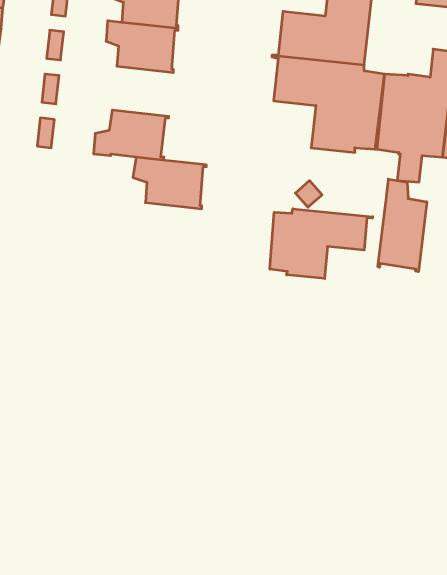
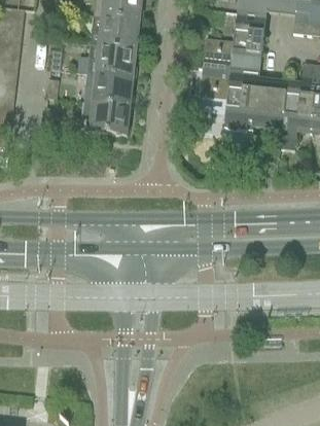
building: [133,157,206,209] -> [84,72,133,106]
building: [378,179,427,272] -> none
building: [270,209,373,279] -> none

